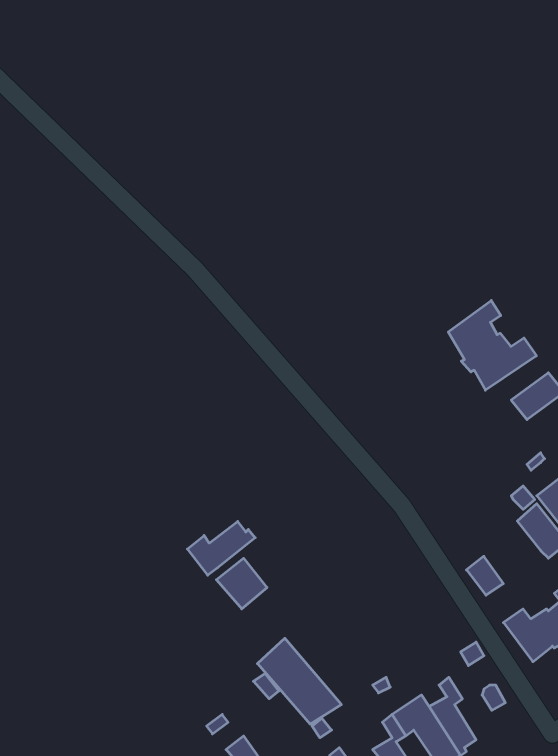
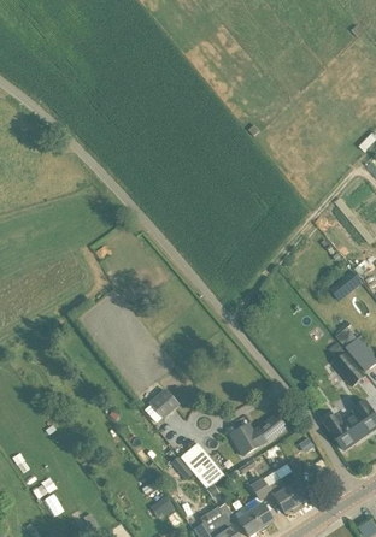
building: [448,300,536,390] -> none
building: [187,521,255,575] -> none
building: none -> [228,414,283,456]

